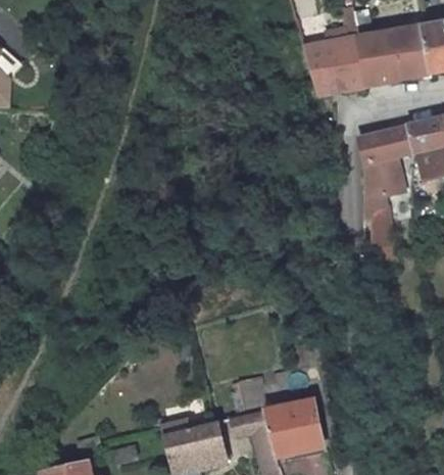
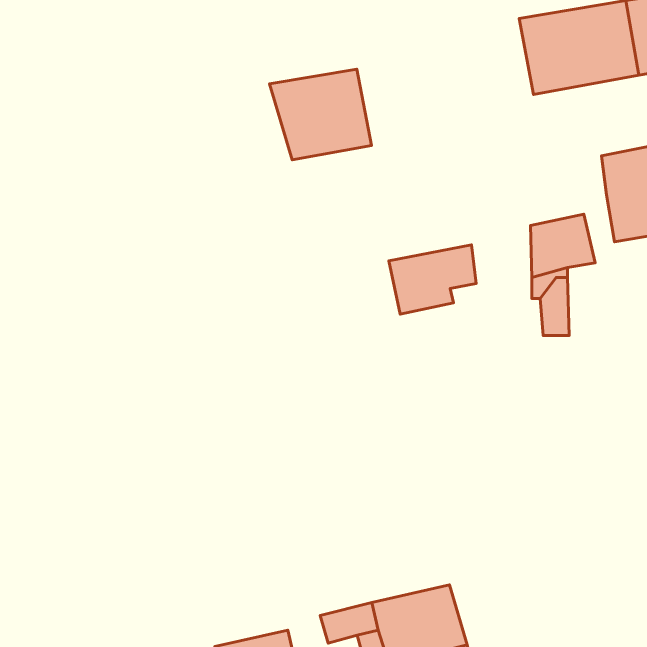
building: [303,37,367,94] -> [270,69,371,160]
building: [358,124,413,168] -> [389,245,476,314]

